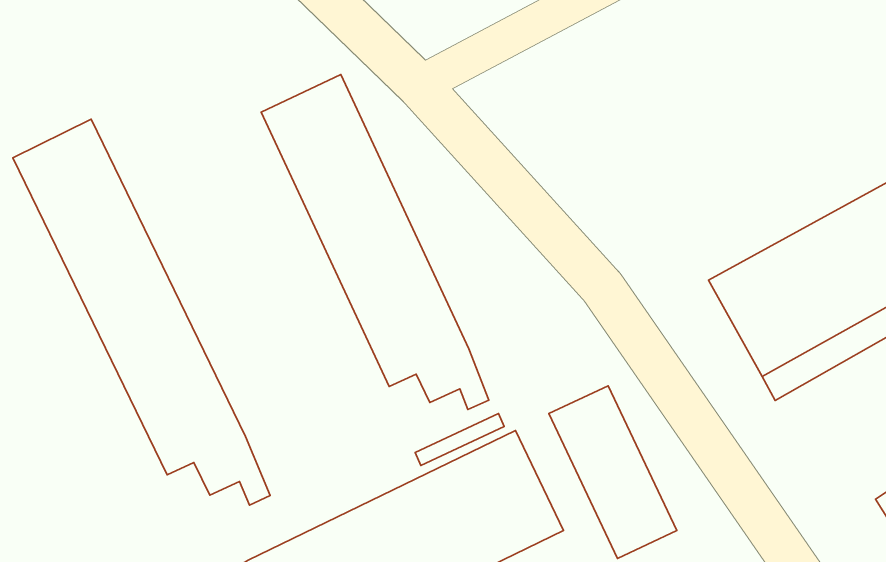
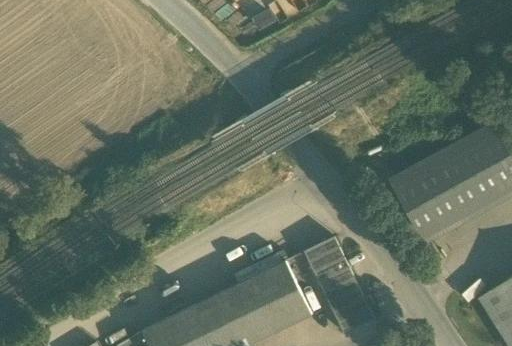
building: [261,74,489,409] -> none
building: [13,119,270,505] -> none

